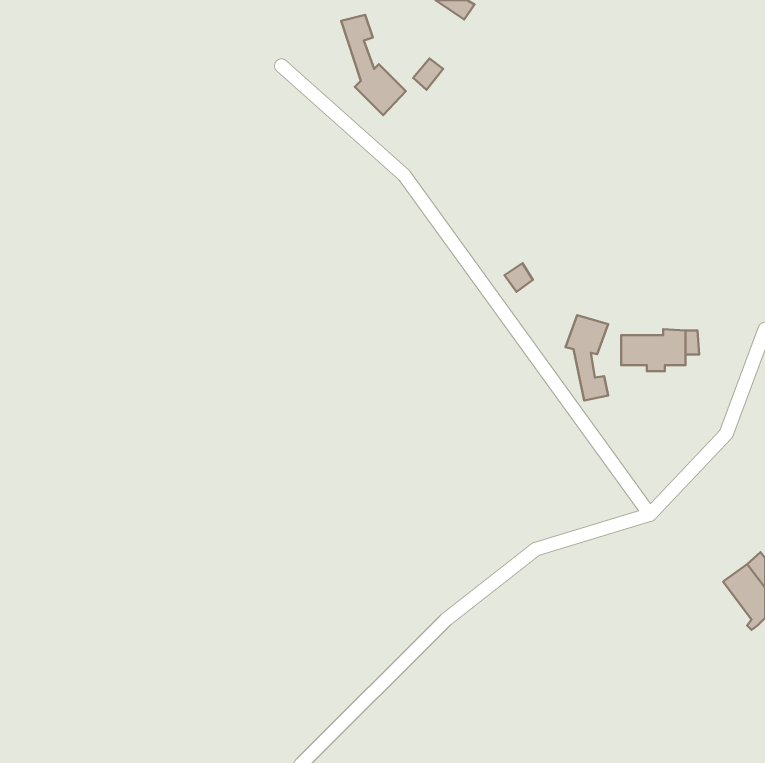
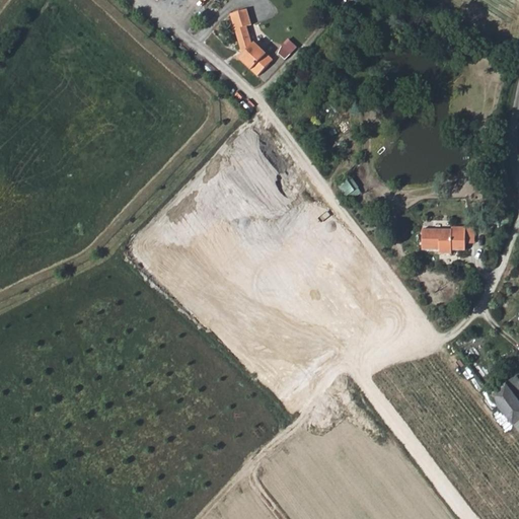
building: [565,315,608,400] -> none

